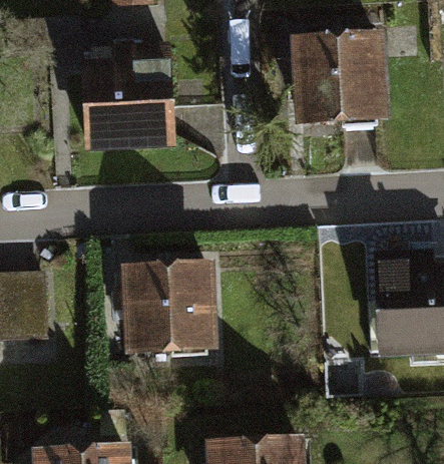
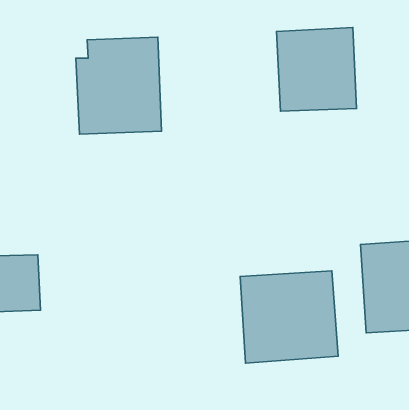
building: [133,269,231,356] -> none
building: none -> [240,271,338,363]

